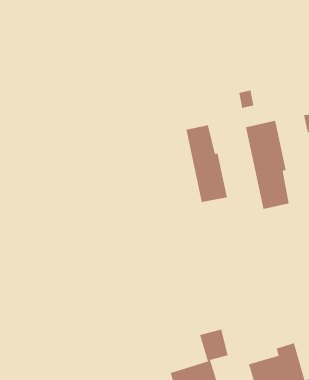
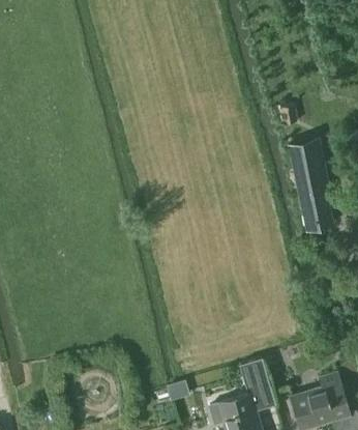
building: [186,125,227,203] -> none

